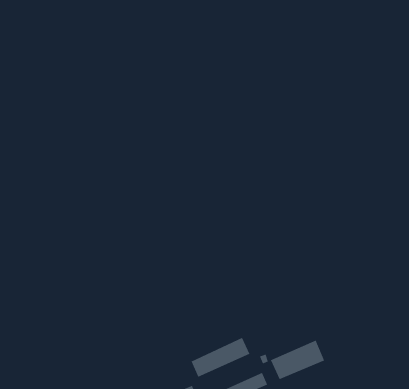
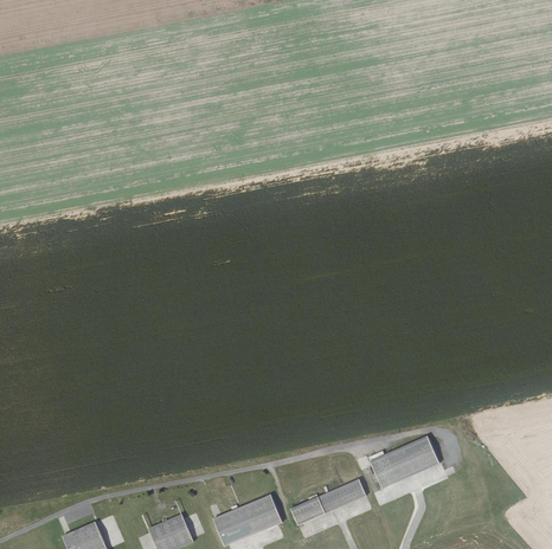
building: [190,337,251,378] -> none

